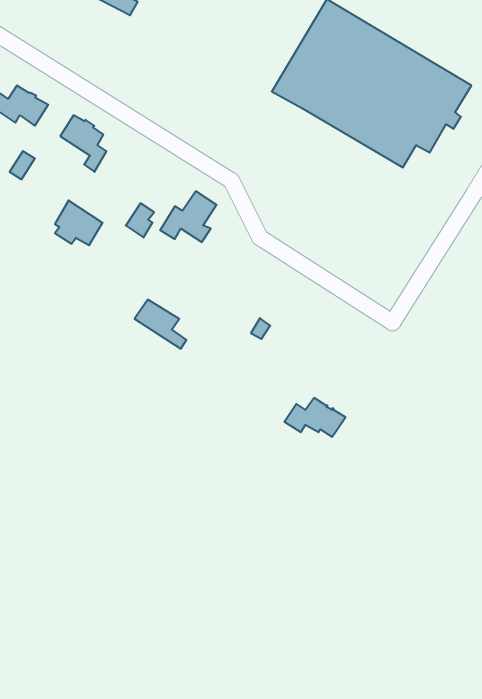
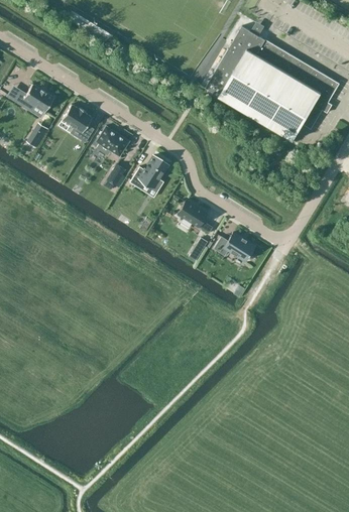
building: [55,200,103,245] -> [96,126,128,156]
building: [135,300,187,349] -> [177,201,212,234]
building: [284,398,346,437] -> [213,233,254,259]

